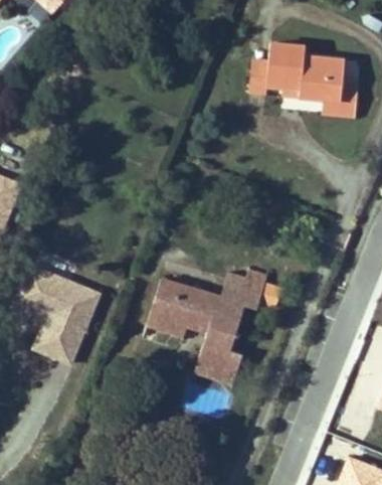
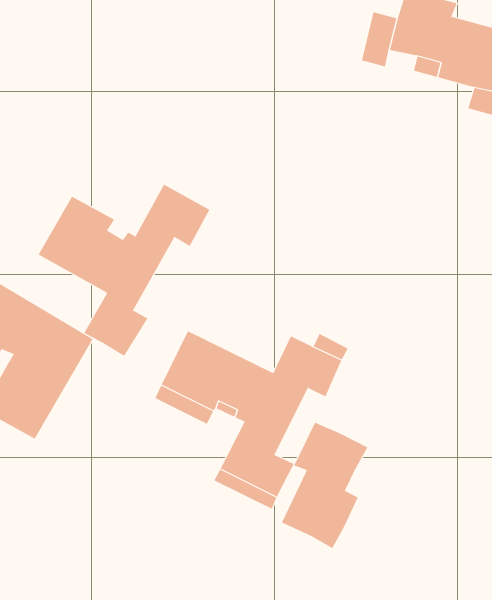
building: none -> [38,184,210,357]
building: none -> [281,422,368,549]

